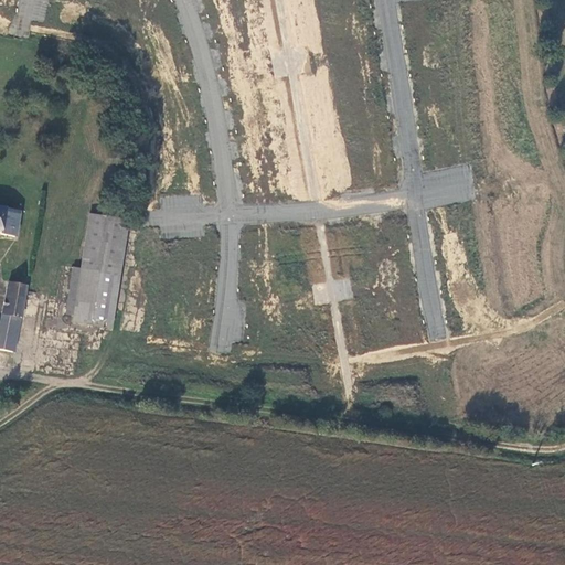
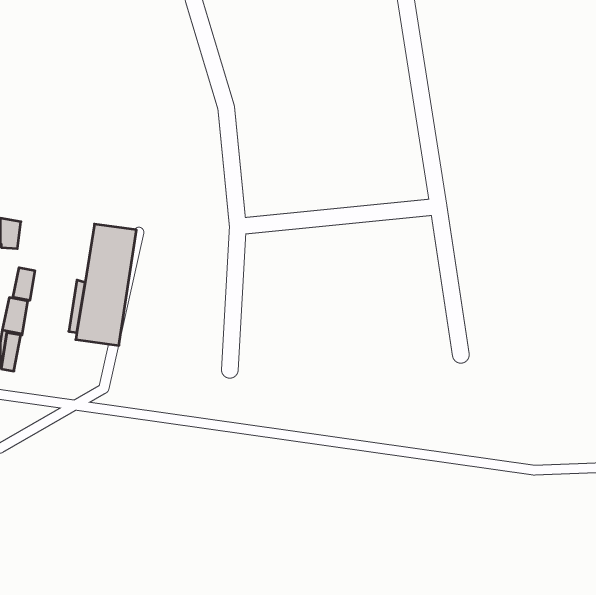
building: none -> [13,268,35,300]

